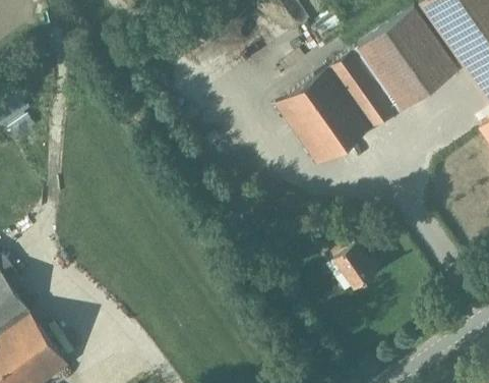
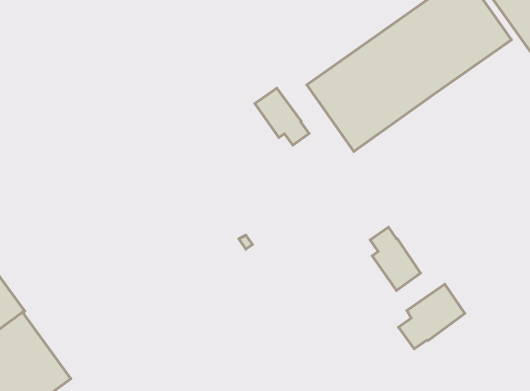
building: none -> [255,88,309,145]
building: none -> [399,284,465,349]

